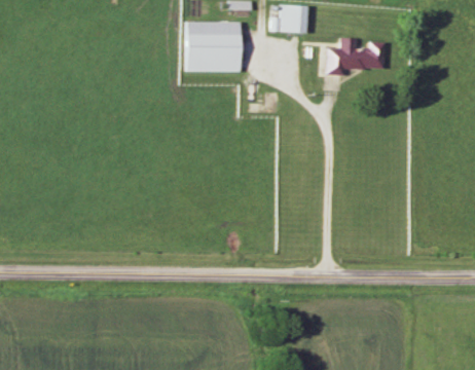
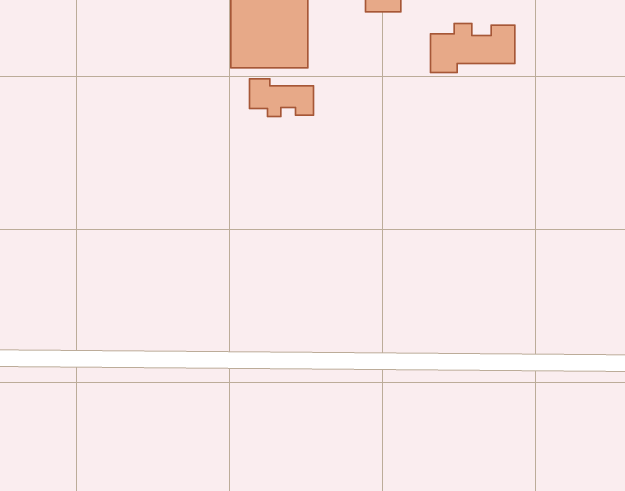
building: none -> [249,79,314,116]

